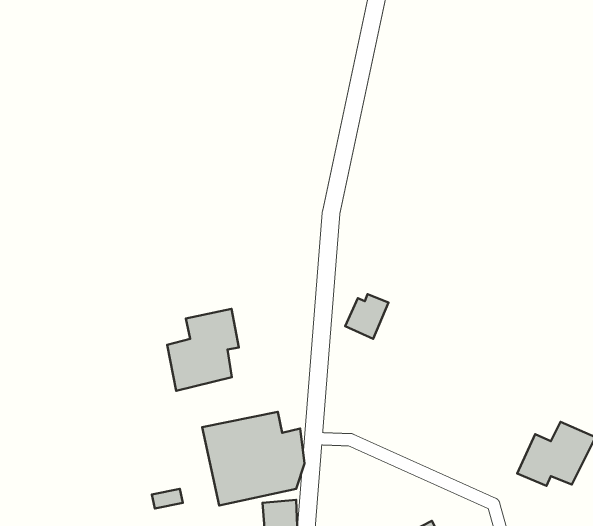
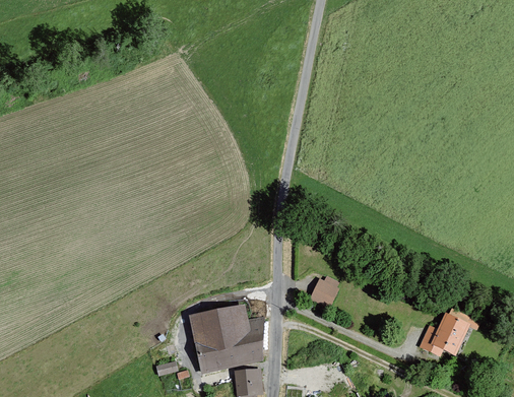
building: [345,294,389,339] -> [309,275,340,308]
building: [167,309,239,391] -> none

